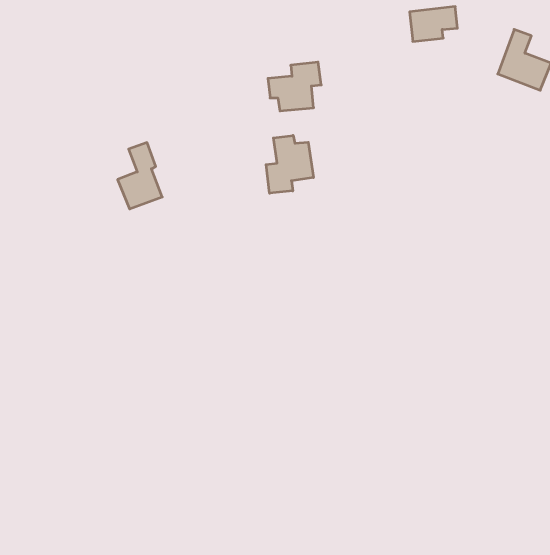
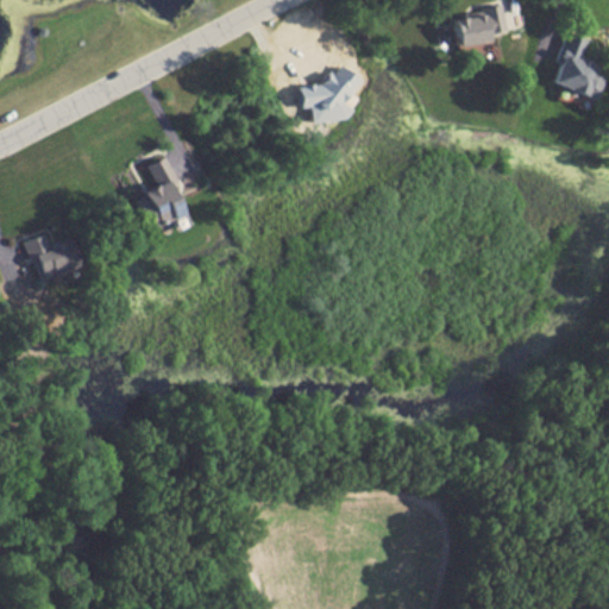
building: [266,135,313,193] -> none
building: none -> [27,234,83,283]

